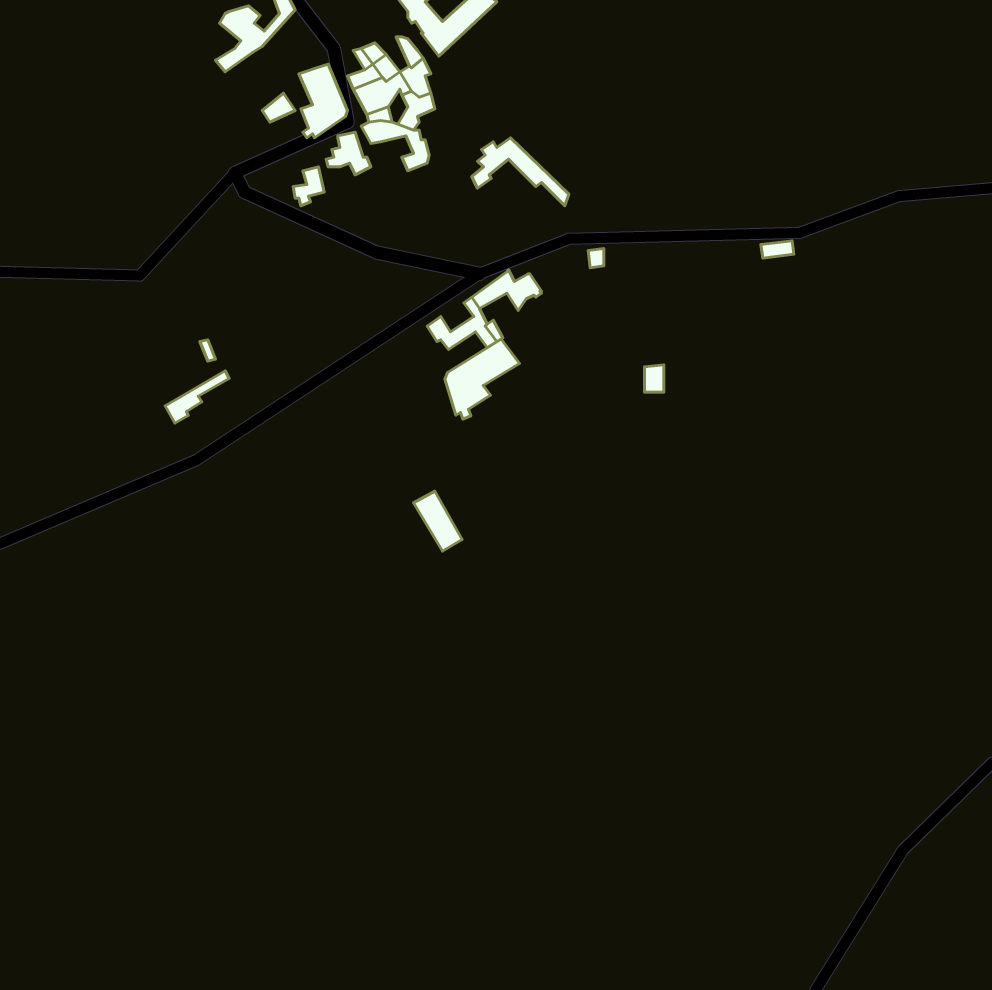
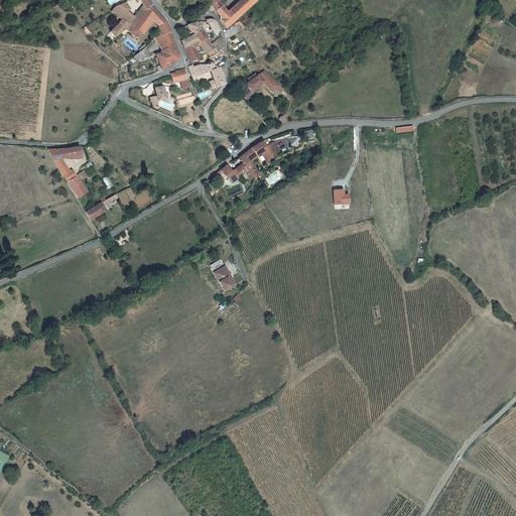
building: none -> [131,5,170,39]
building: none -> [49,145,87,198]
building: [445,339,519,419] -> none

